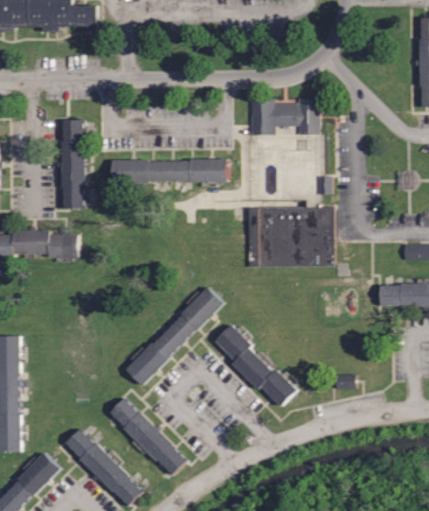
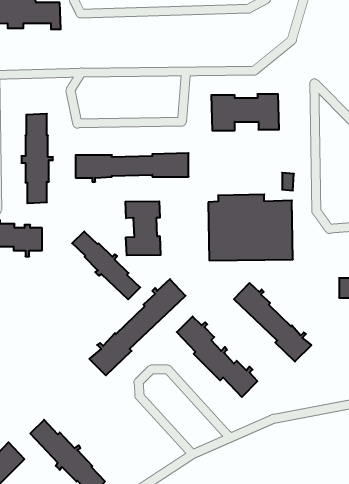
building: none -> [125,201,161,255]
building: none -> [72,231,140,299]
building: none -> [234,283,311,362]
building: [110,398,187,475] -> none

